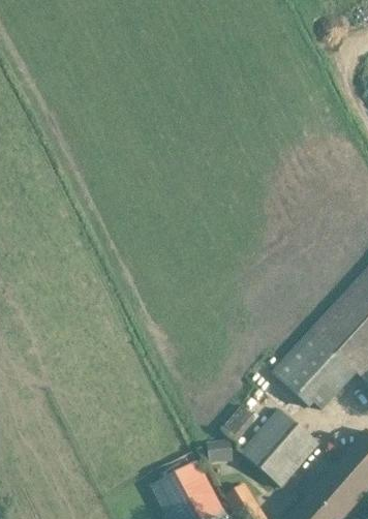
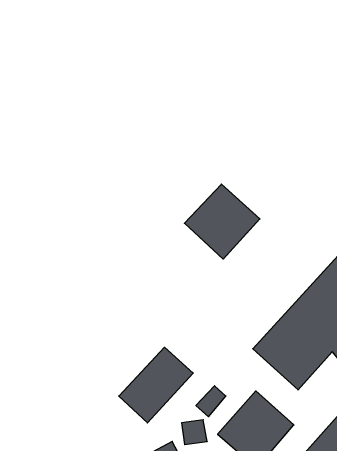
building: none -> [184,184,260,259]
building: none -> [119,347,193,423]

